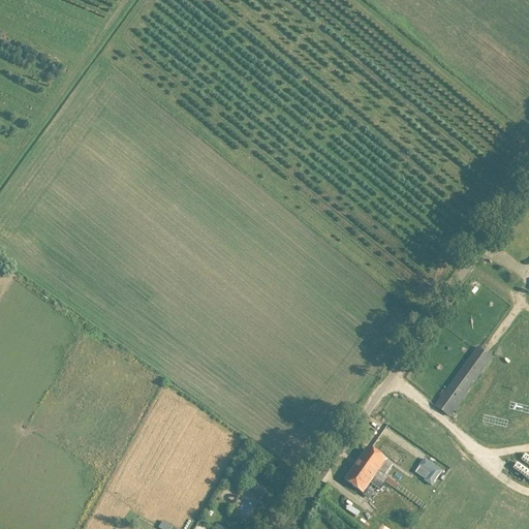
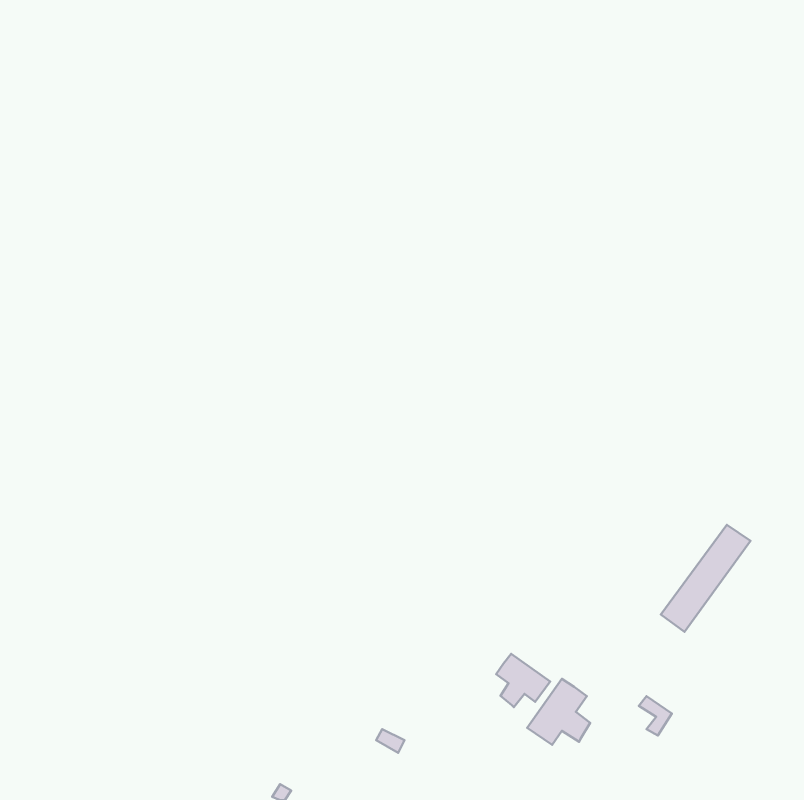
building: none -> [496,654,550,707]

